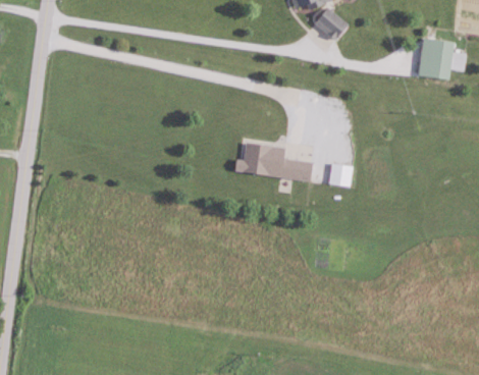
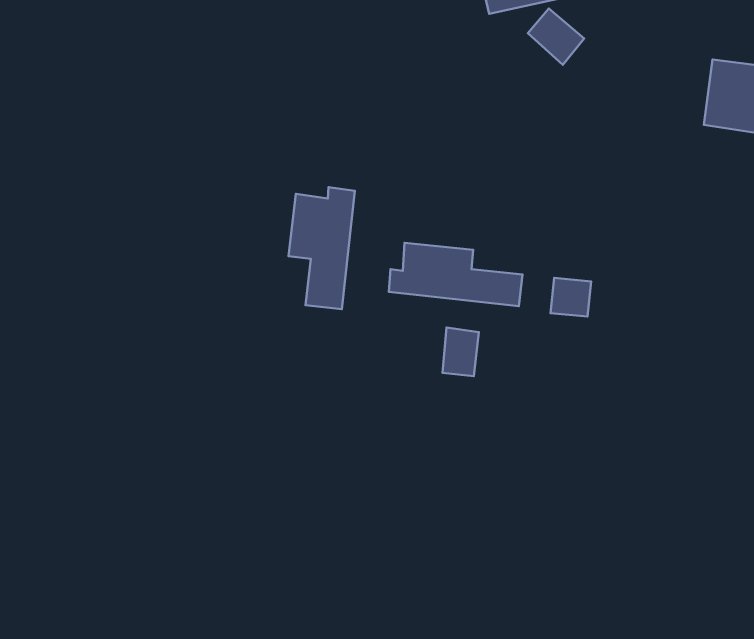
building: none -> [289,187,355,309]
building: none -> [443,327,479,376]

